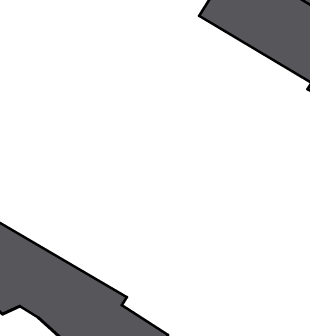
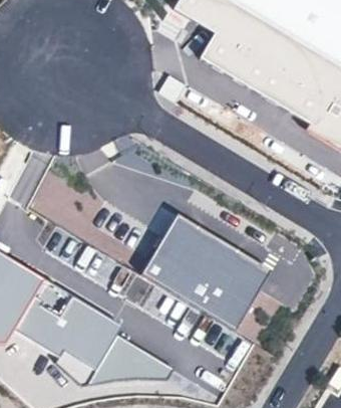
building: none -> [138,211,269,327]

